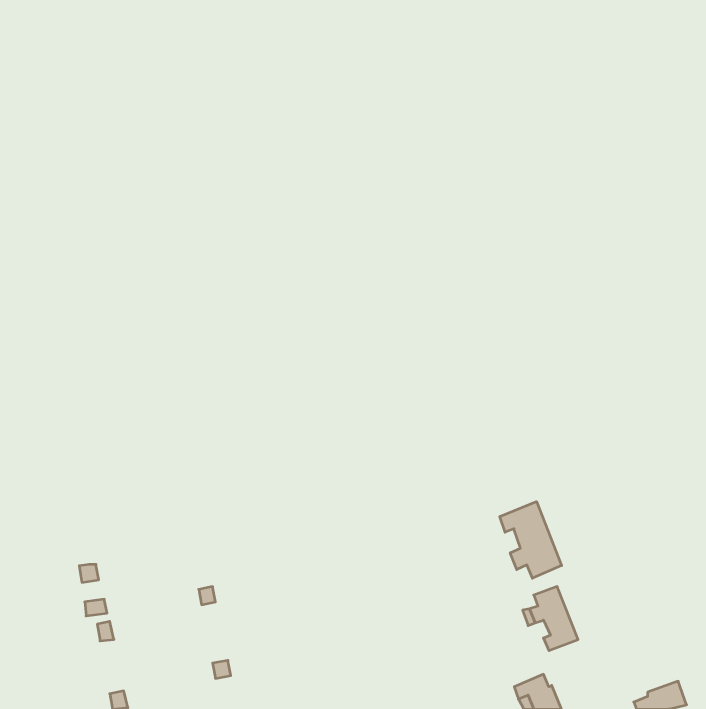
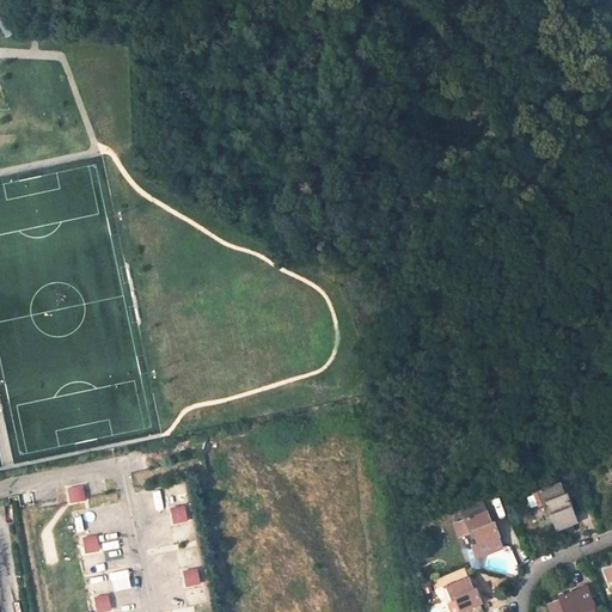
building: [500,502,562,578] -> none
building: none -> [532,486,574,532]

